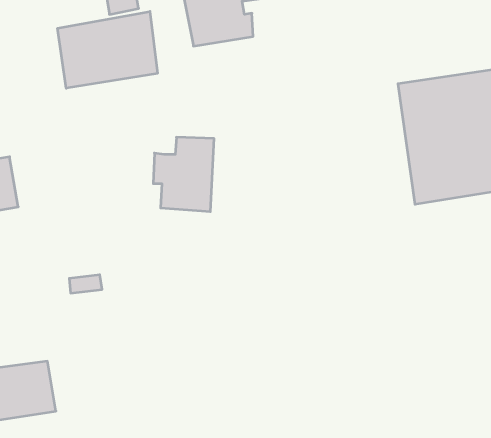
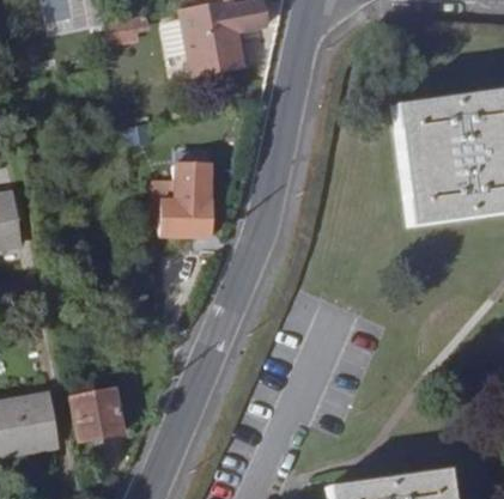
building: [58,11,157,88] -> none
building: none -> [72,391,122,444]

